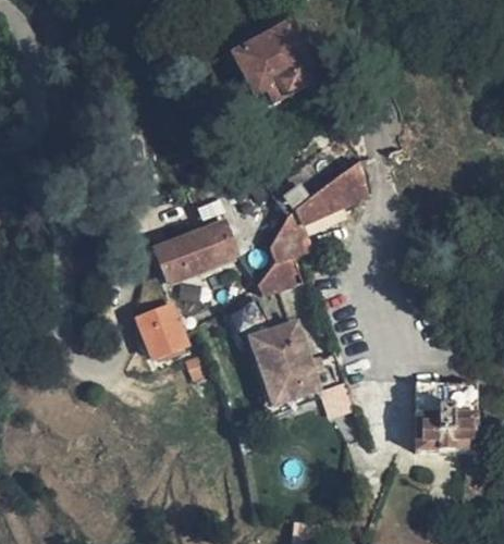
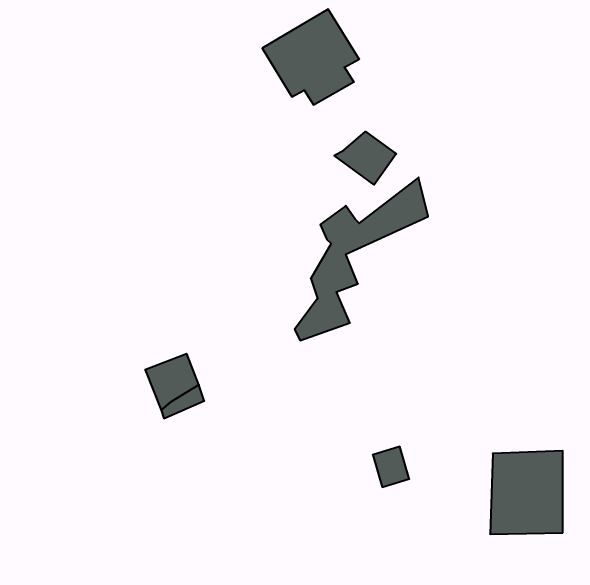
building: none -> [334,132,396,185]
building: [155,195,236,282] -> none
building: [229,297,319,404] -> none

